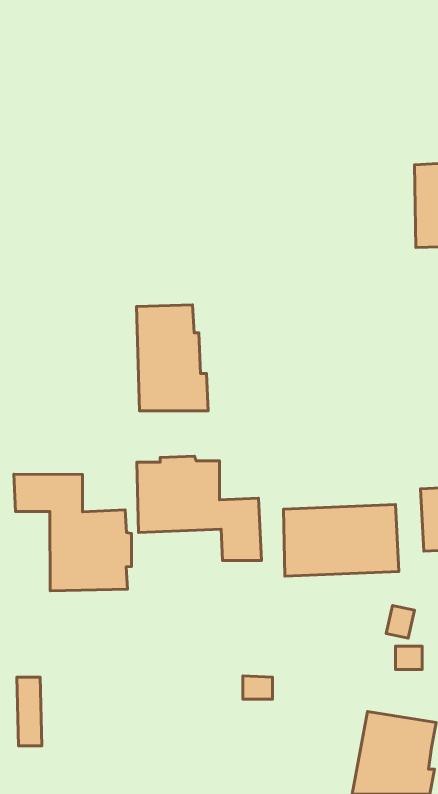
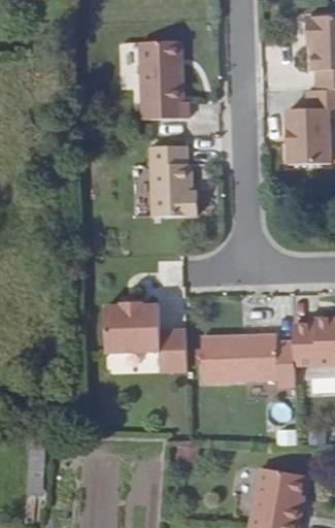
building: none -> [139,41,188,120]
building: [136,305,208,411] -> [149,145,197,216]
building: [14,474,132,591] -> none

